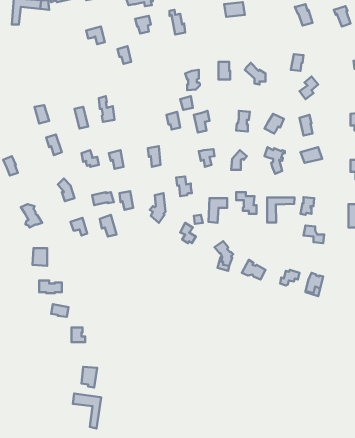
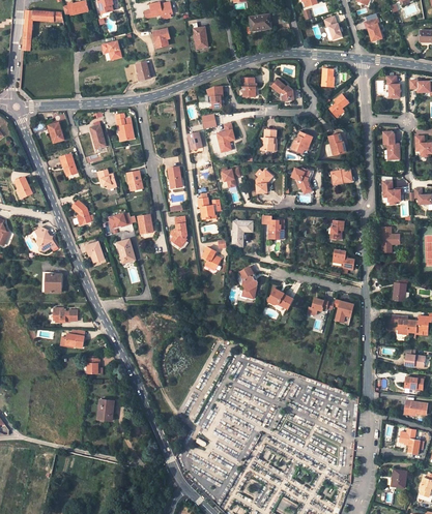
building: [267,198,295,223] -> none
building: [73,393,101,429] -> none

